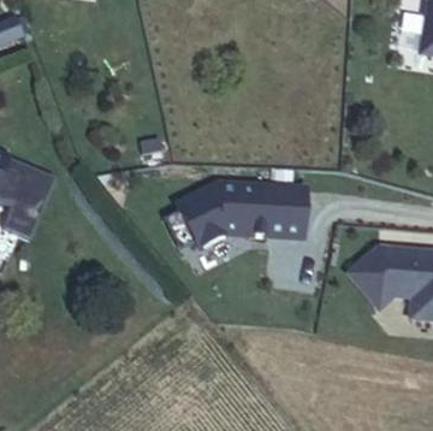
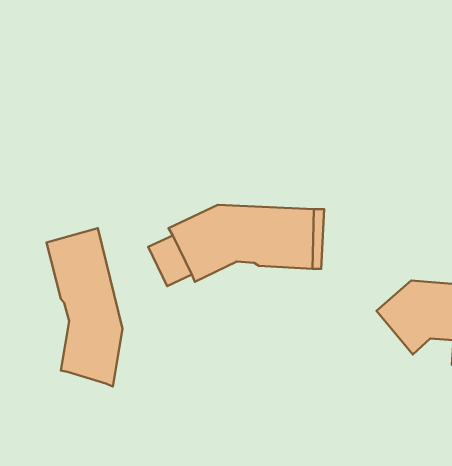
building: none -> [46,228,122,386]

